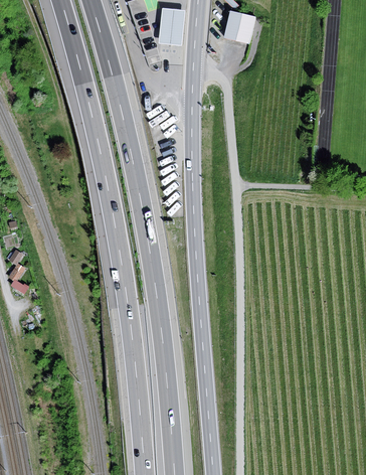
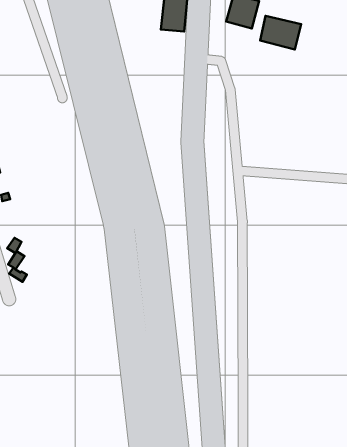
building: none -> [260,16,301,49]

